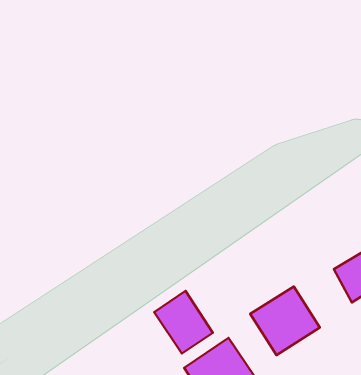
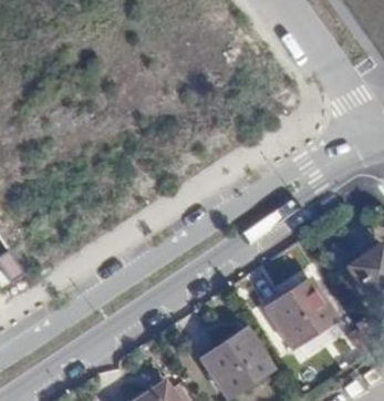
building: [154,291,213,353] -> none

